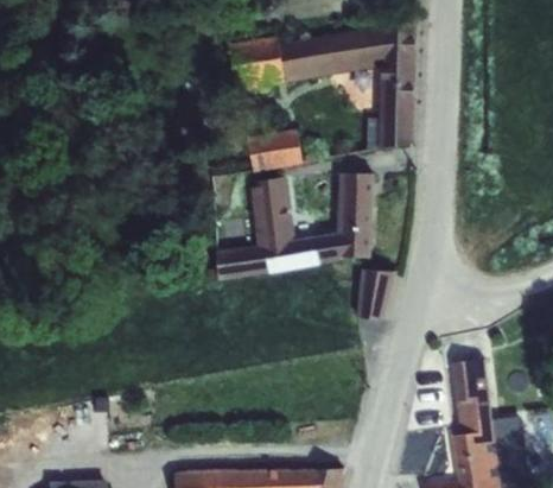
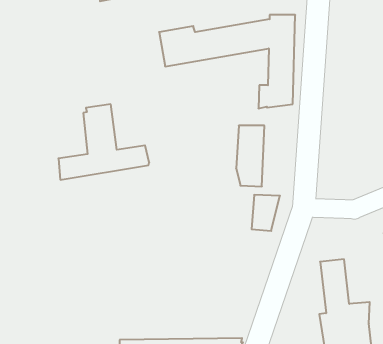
building: [244,129,300,173] -> none
building: [214,177,339,281] -> [58,104,149,180]

